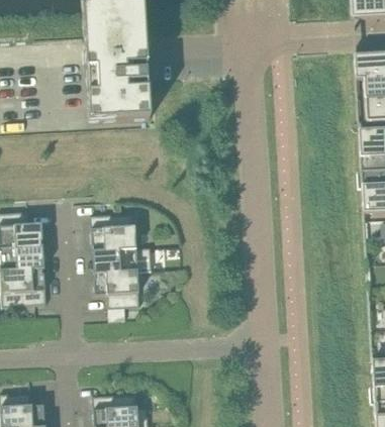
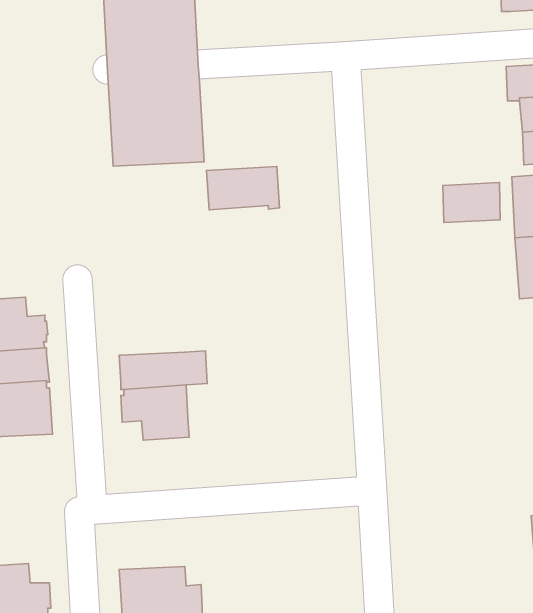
building: none -> [206,166,280,210]
building: none -> [443,183,500,223]
building: [91,212,137,249] -> none

